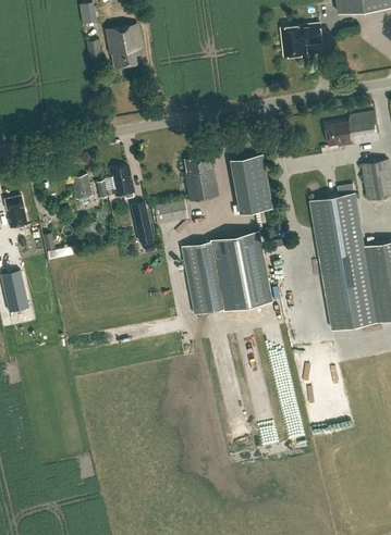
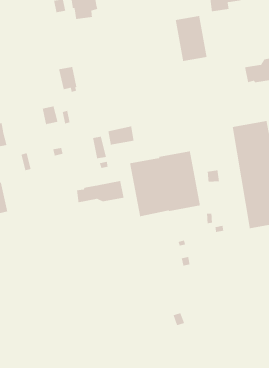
building: [184,154,217,200] -> none
building: [230,154,271,213] -> [175,15,208,62]
building: [109,165,133,199] -> [58,66,77,93]
building: none -> [76,180,125,203]

